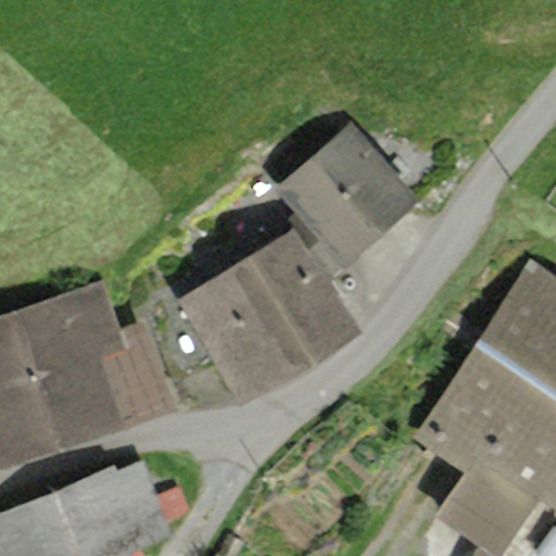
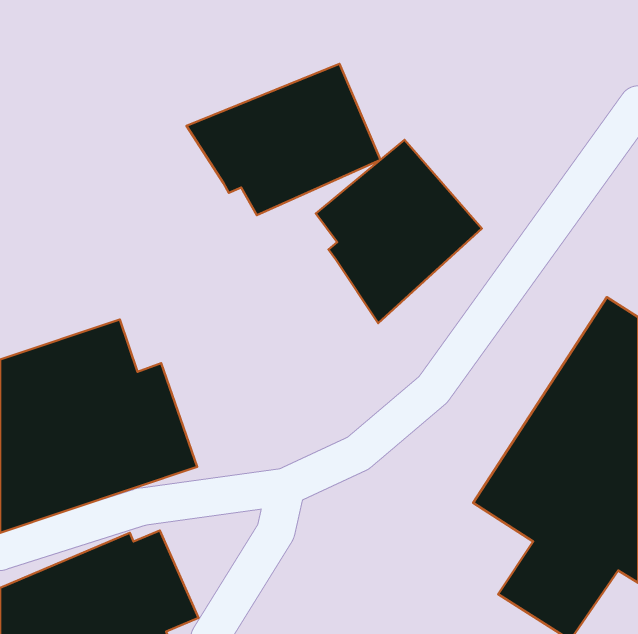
building: none -> [186,64,381,215]
building: [137,229,362,406] -> none

